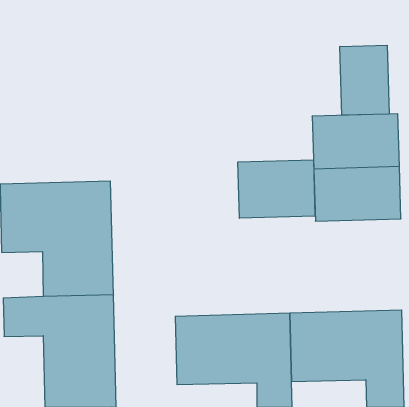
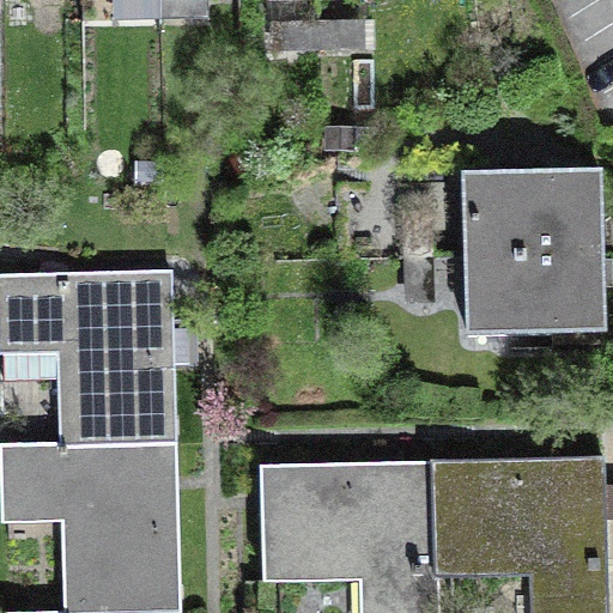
building: [340,45,389,115] -> none
building: [238,160,315,218] -> none

